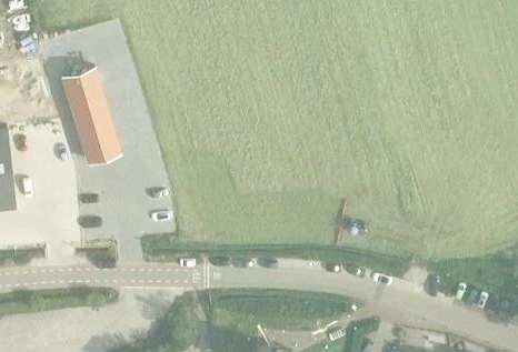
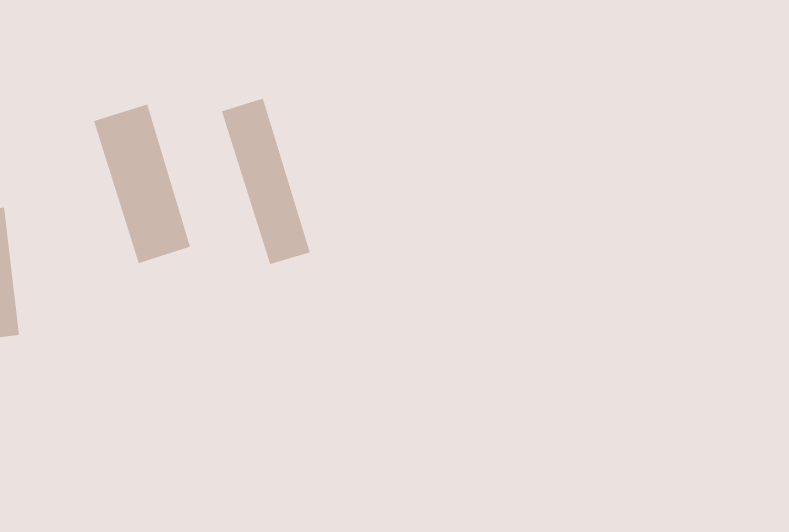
building: none -> [221,98,310,265]

